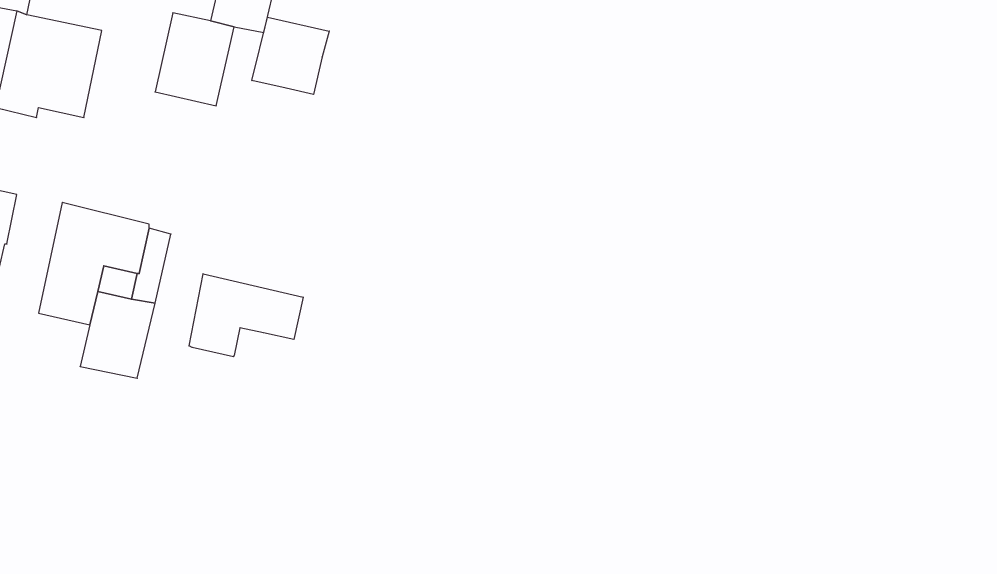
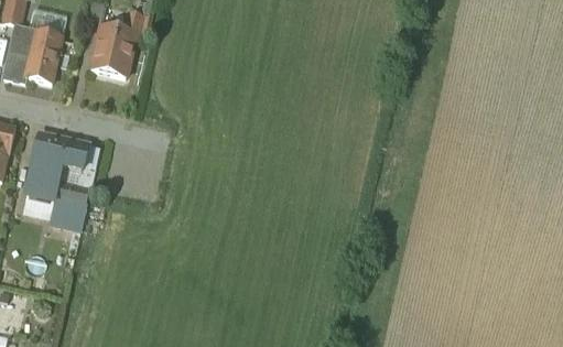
building: [252,17,329,94] -> none
building: [189,274,303,357] -> none

